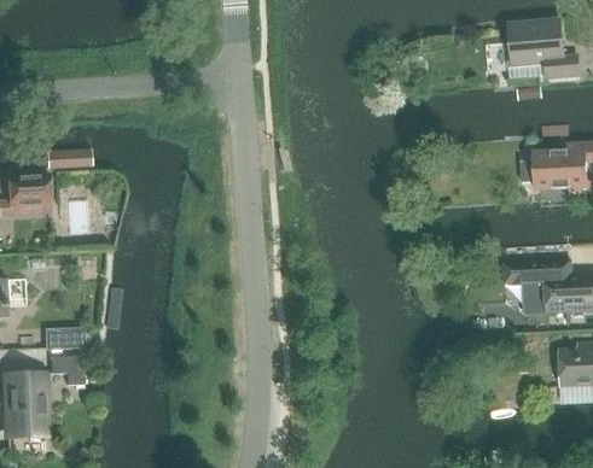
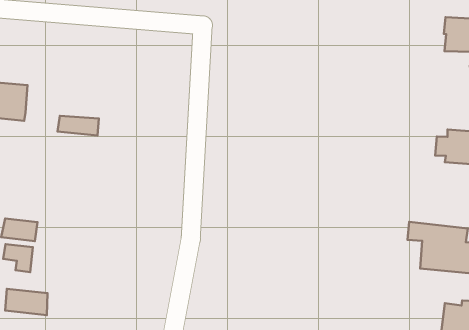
building: [47,147,93,169] -> [57,116,99,135]
building: none -> [5,289,47,315]

